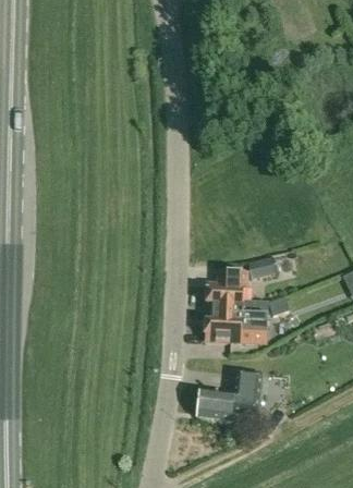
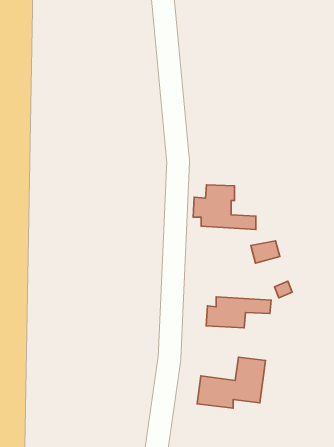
building: [206,271,267,315] -> [193,185,256,230]

